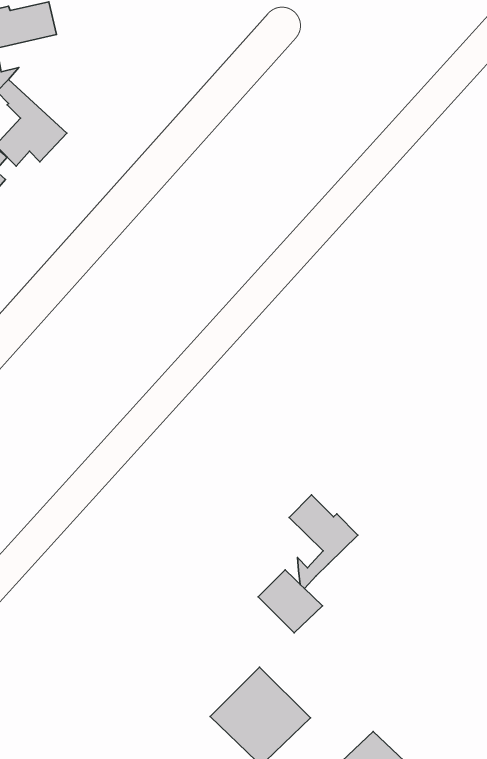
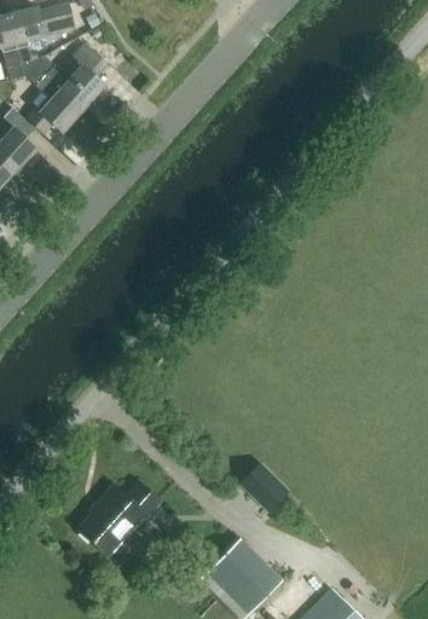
building: none -> [36,44,106,109]
building: [289,495,358,589] -> none
building: none -> [77,484,160,556]

